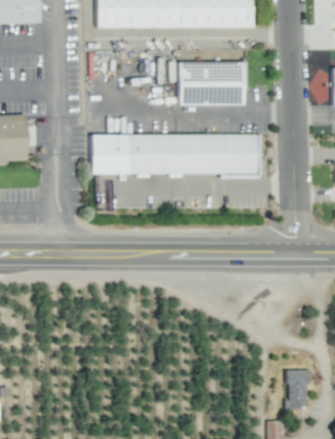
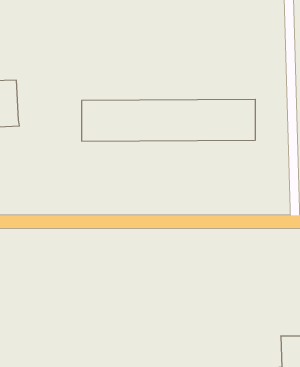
building: [167,62,245,105] -> none

